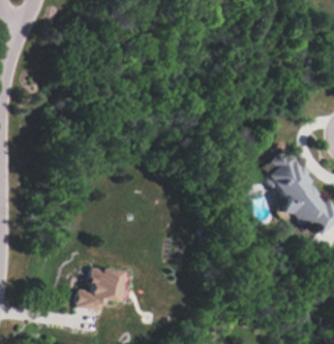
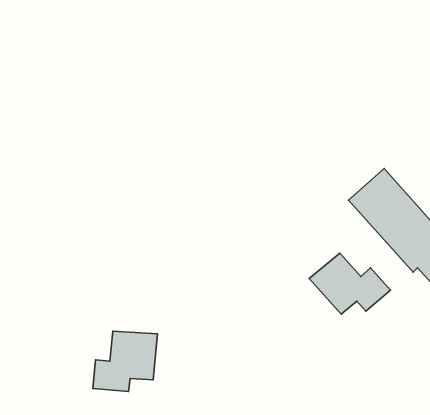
building: none -> [309,253,390,314]

